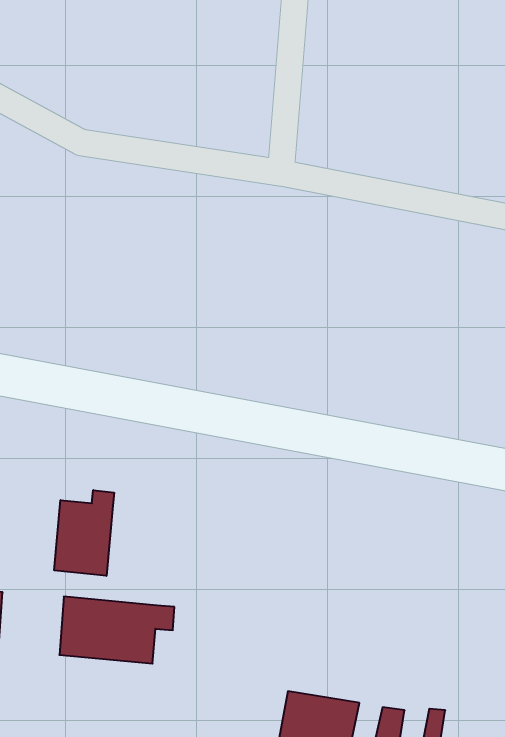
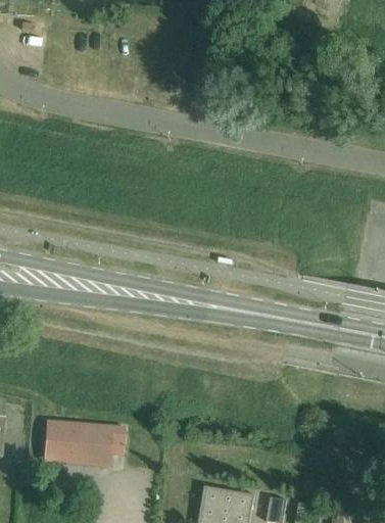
building: [54,490,114,576] -> none

